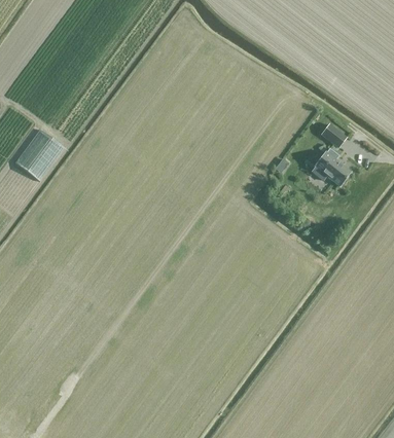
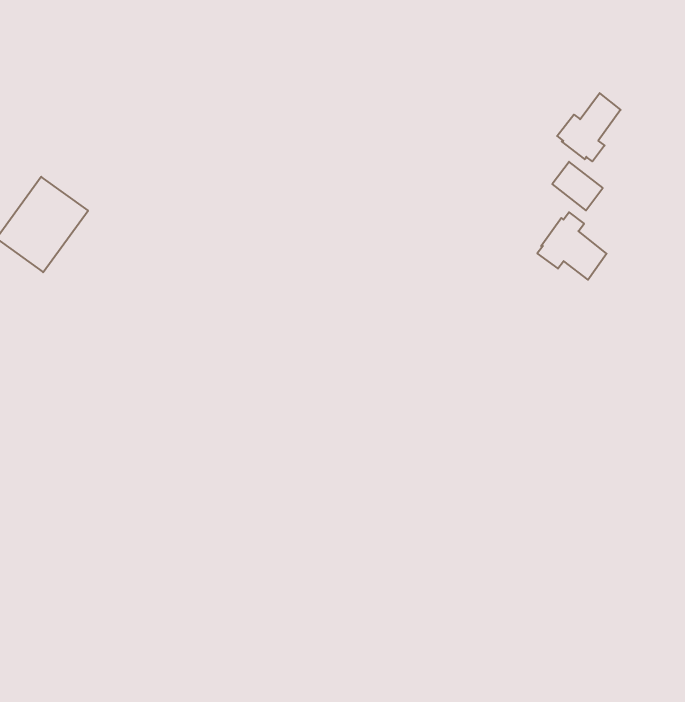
building: none -> [557,93,621,161]

